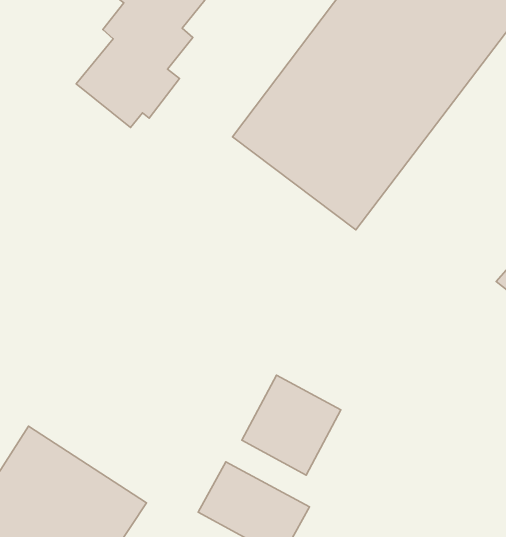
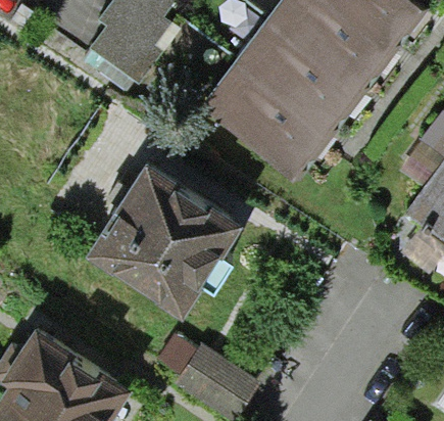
building: none -> [88,158,239,307]
building: [242,375,341,475] -> none

